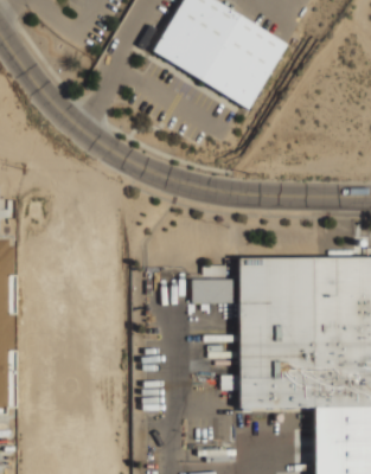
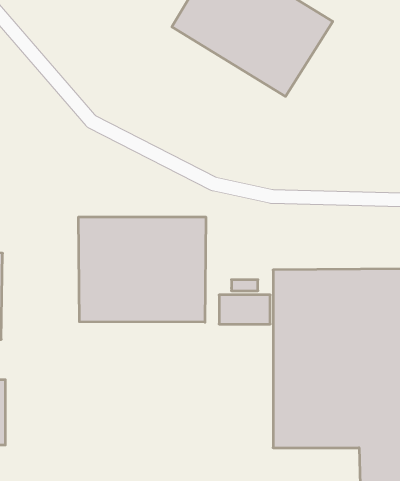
building: none -> [79,217,206,322]

